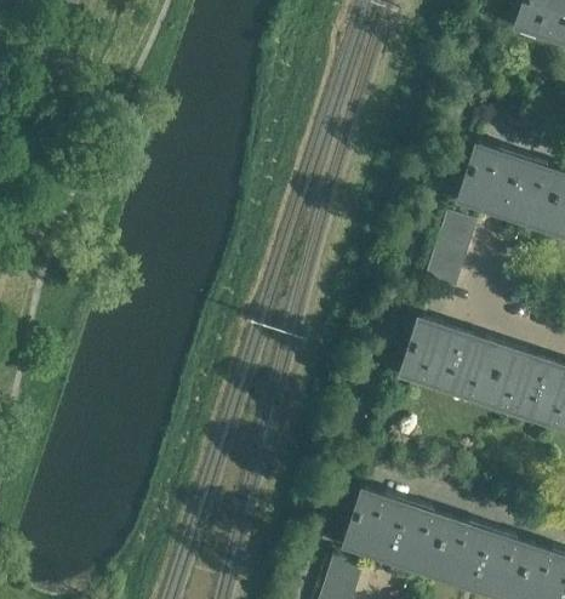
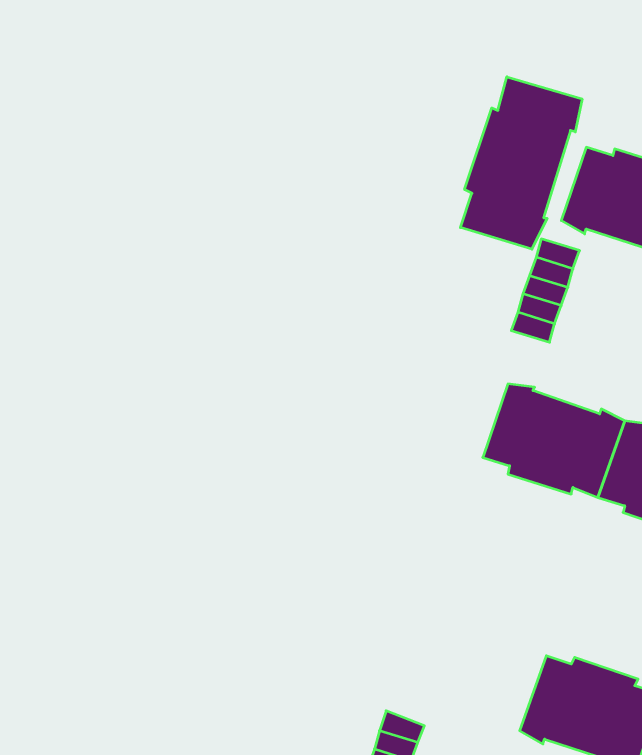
building: none -> [460,77,582,249]
building: [346,491,449,572] -> none

